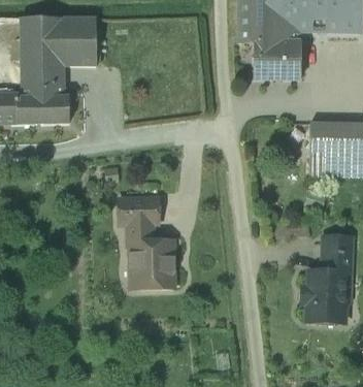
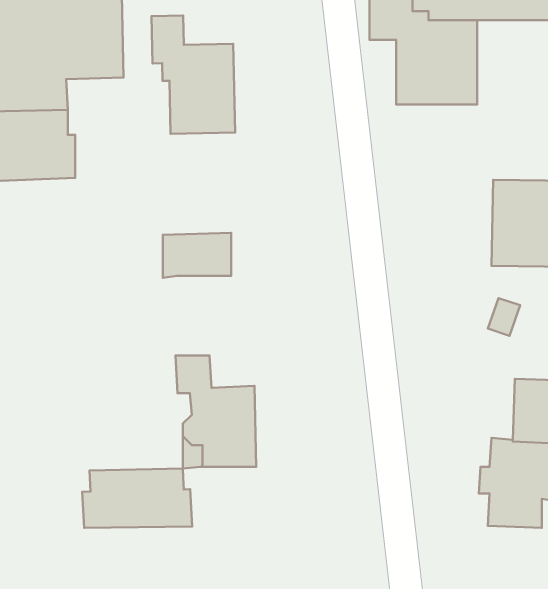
building: none -> [151,15,235,134]
building: [120,199,159,225] -> [163,233,231,278]
building: none -> [82,468,192,528]

